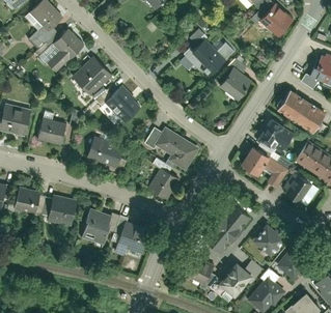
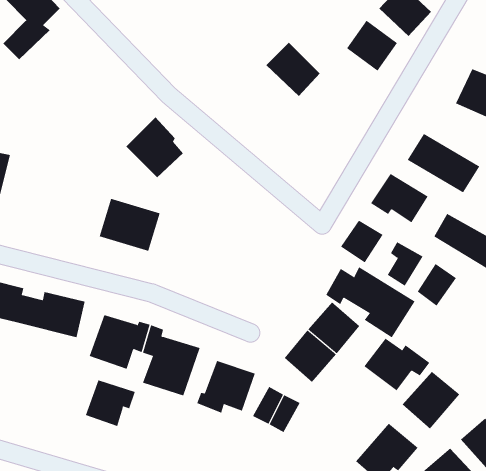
building: [47,29,85,73] -> none
building: [73,56,112,95] -> none
building: [220,66,252,98] -> [346,20,398,72]
building: [37,118,67,146] -> none
building: [144,126,200,171] -> [326,267,416,338]
building: [147,168,178,199] -> none
building: none -> [196,360,255,414]
building: none -> [85,379,136,427]
building: [216,261,252,295] -> none

